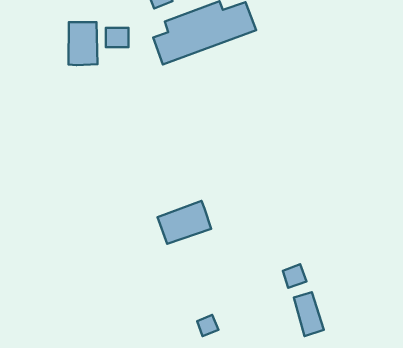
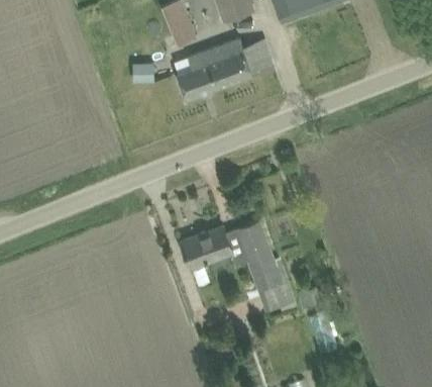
building: [69,22,97,65] -> none
building: none -> [225,221,295,311]

